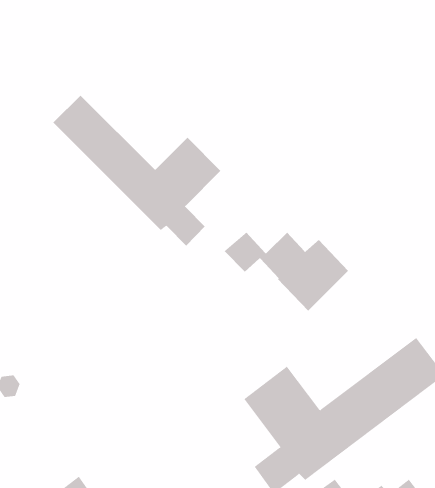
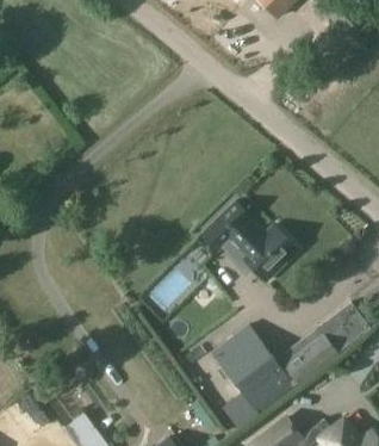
building: [53,95,221,247] -> none

